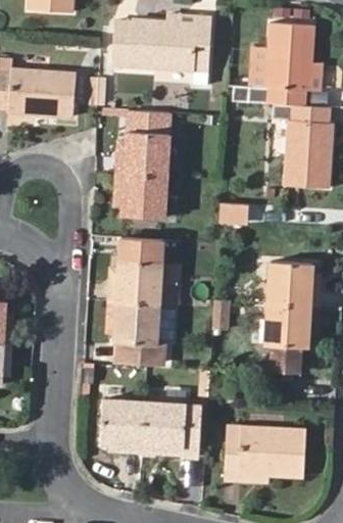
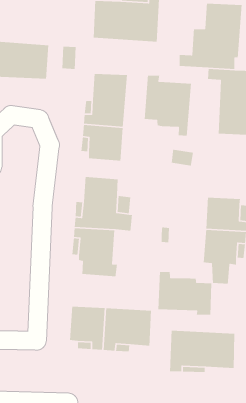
building: none -> [144,75,192,136]
building: none -> [158,271,212,316]

